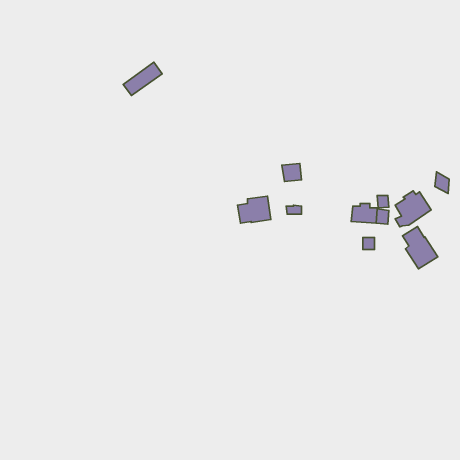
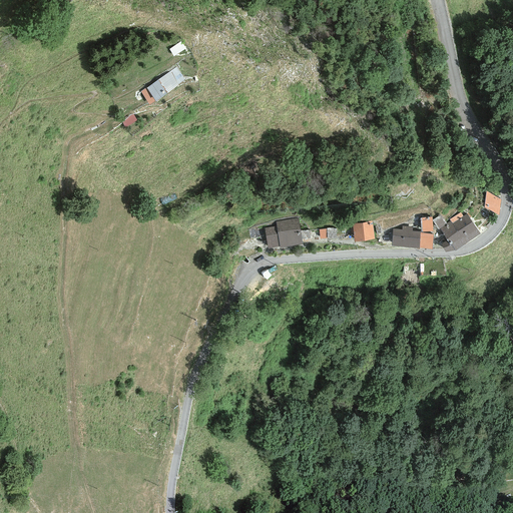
building: [282,164,302,182] -> [352,221,374,241]
building: [403,226,438,269] -> none

